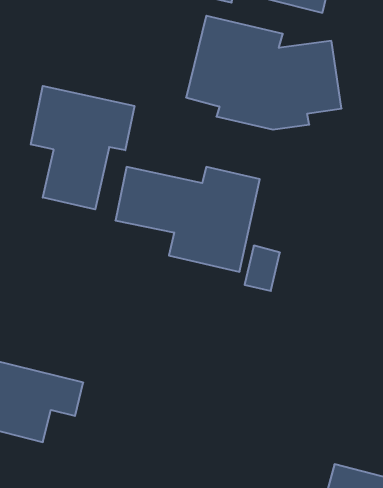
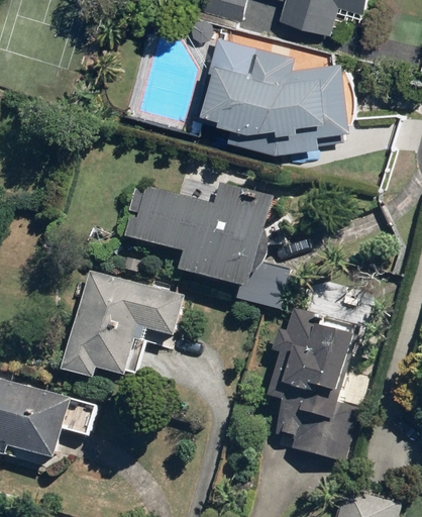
building: [31,86,134,209] -> none
building: none -> [60,270,184,379]
building: none -> [267,317,356,461]

